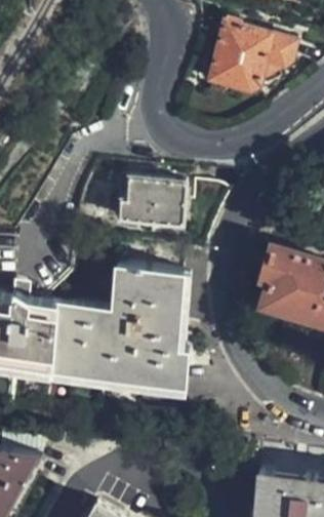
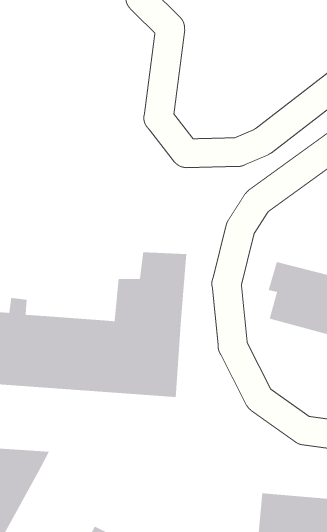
building: [206,26,295,103] -> none
building: [124,180,185,227] -> none

